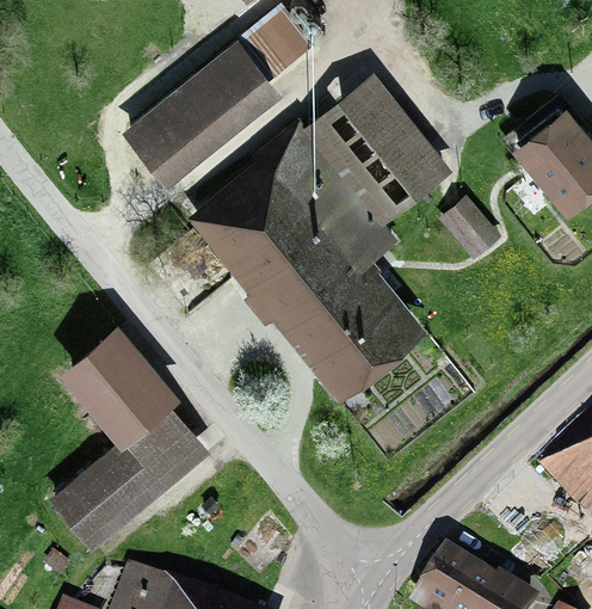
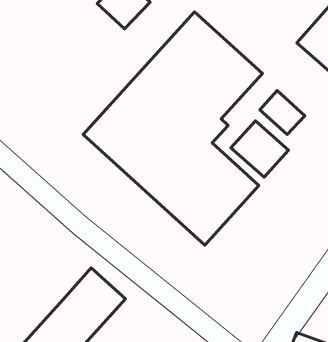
building: [118,45,284,198] -> none
building: none -> [231,121,289,177]
building: [61,322,179,444] -> none

